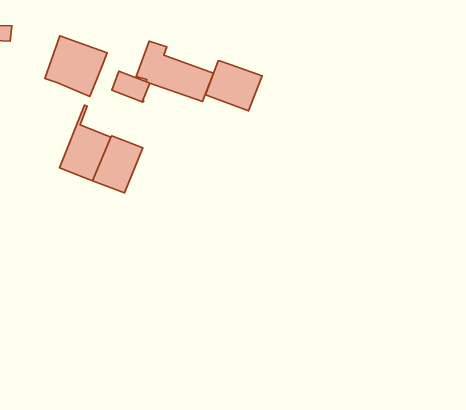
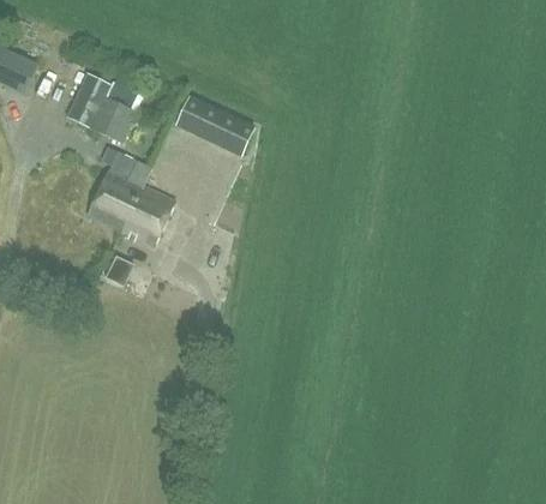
building: [205,61,262,111] -> none
building: [112,71,150,102] -> [109,151,149,185]

